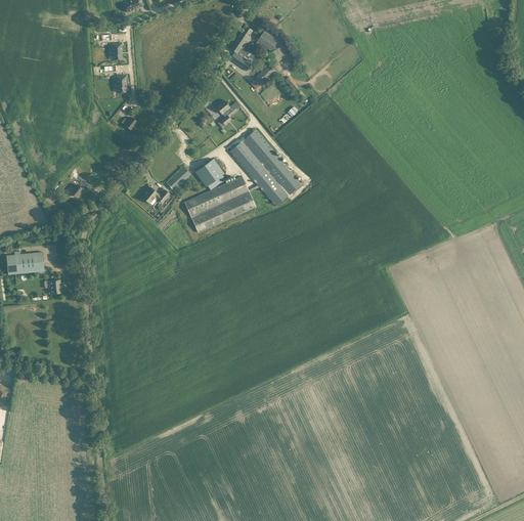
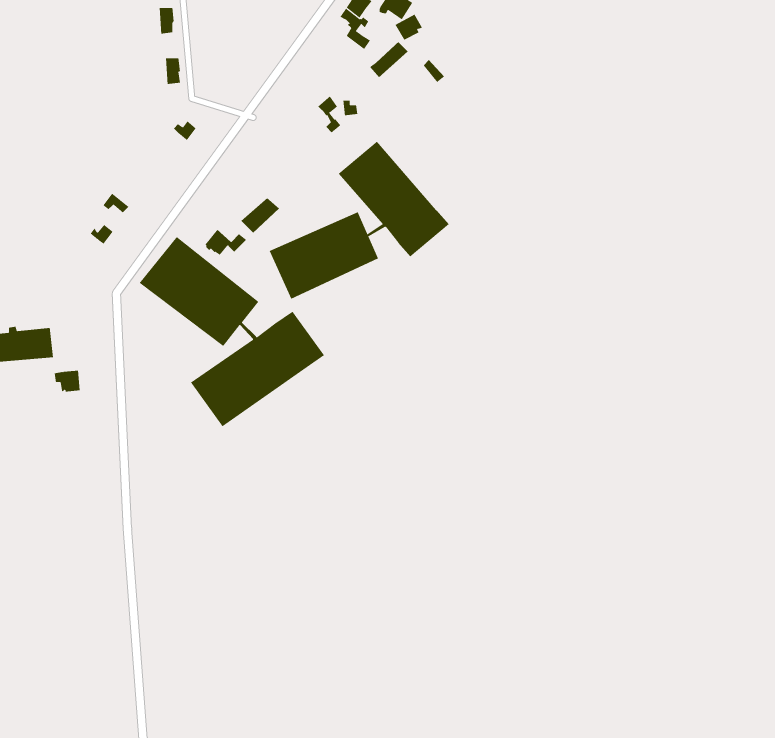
building: [193,158,223,186] -> none
building: none -> [139,236,325,427]

